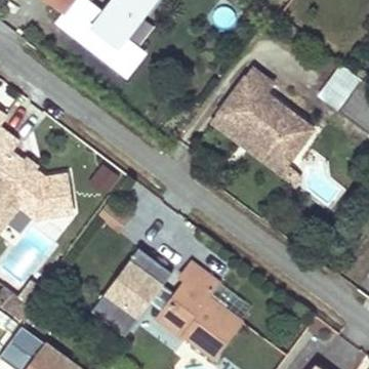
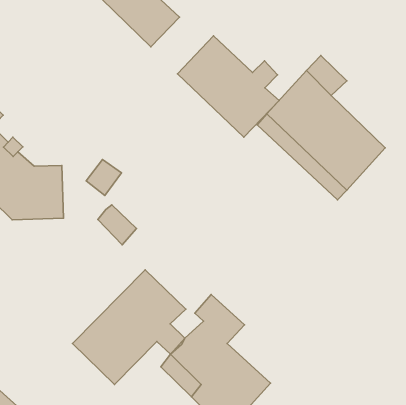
building: none -> [177,36,279,137]

